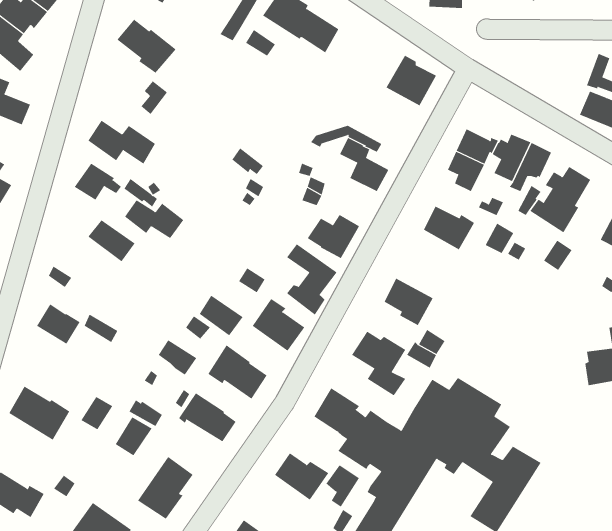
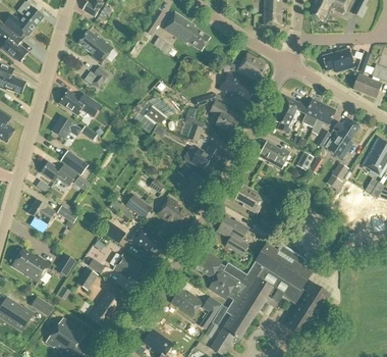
building: none -> [322,47,353,71]
building: none -> [218,71,256,101]
building: [124,200,184,239] -> [41,162,76,186]

